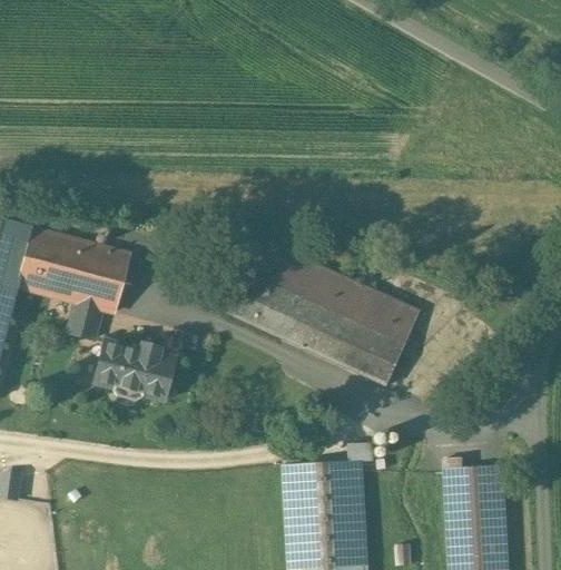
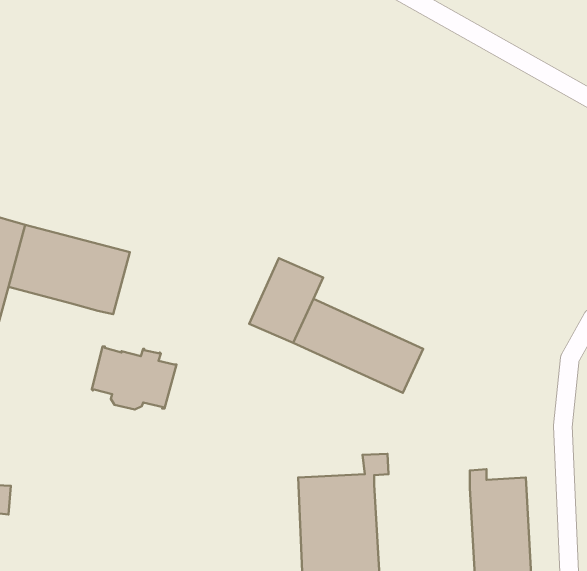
building: [222,237,419,344] -> none
building: [68,302,100,338] -> none

